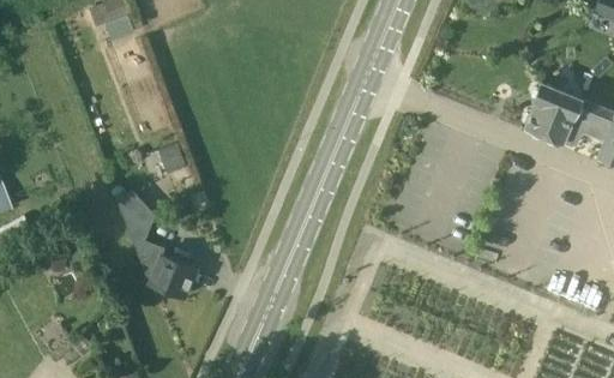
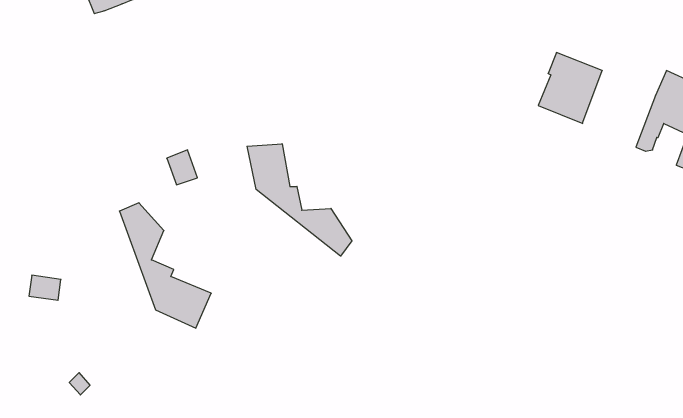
building: [524,83,579,144] -> [538,53,602,123]
building: none -> [247,144,352,256]

